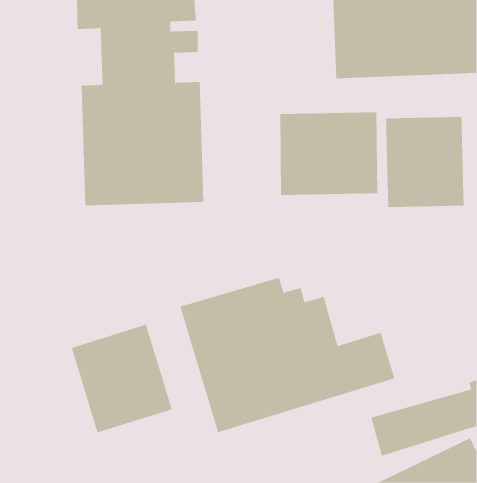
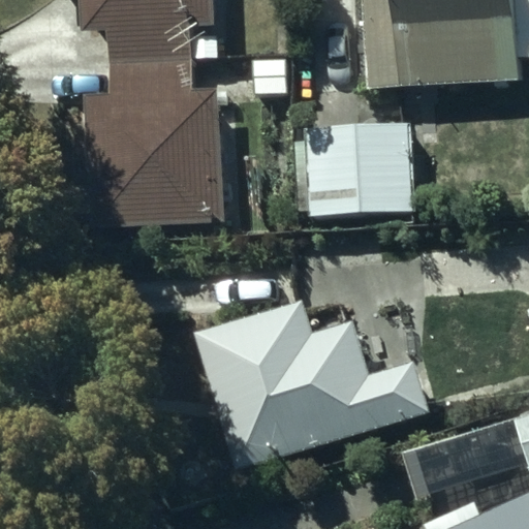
building: [386,116,464,208] -> none
building: [71,324,172,433] -> none

